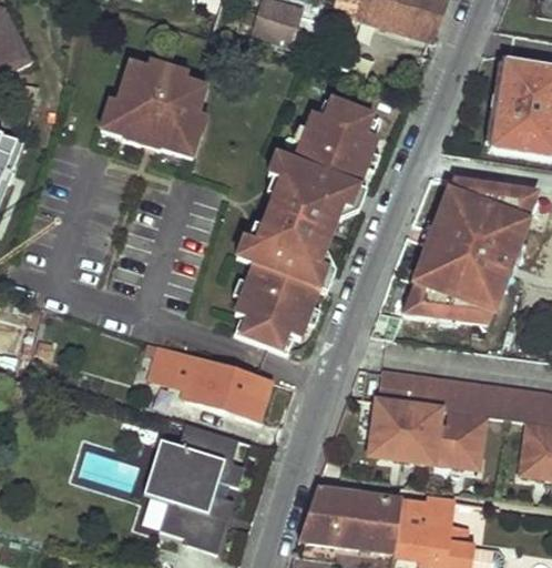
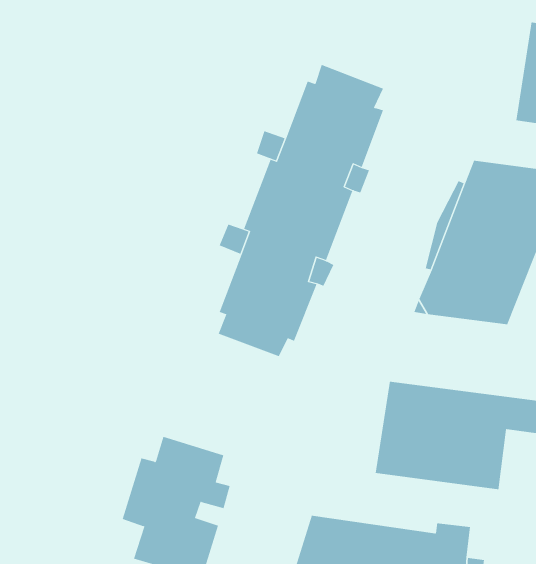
building: [102,60,207,158] -> none
building: [151,341,272,418] -> none

